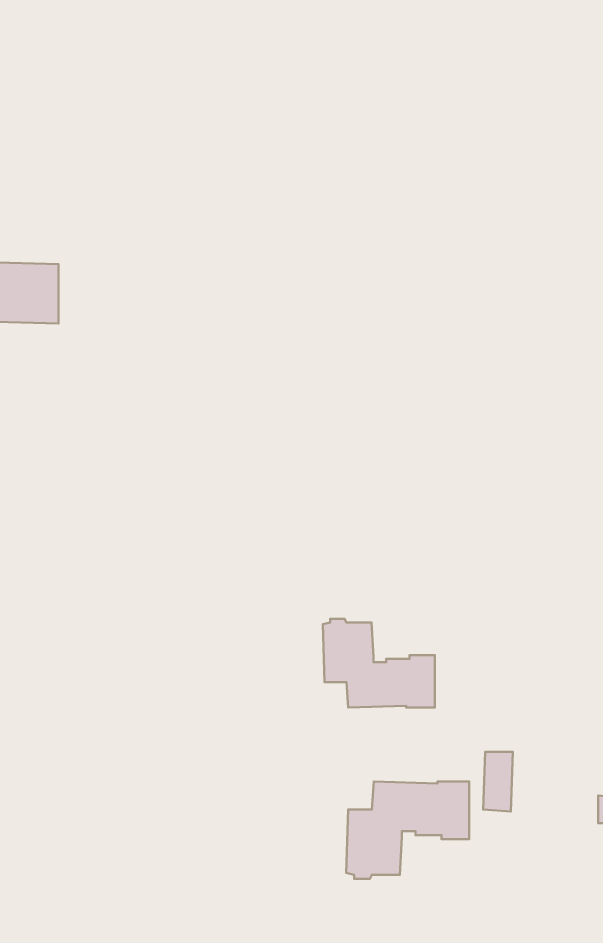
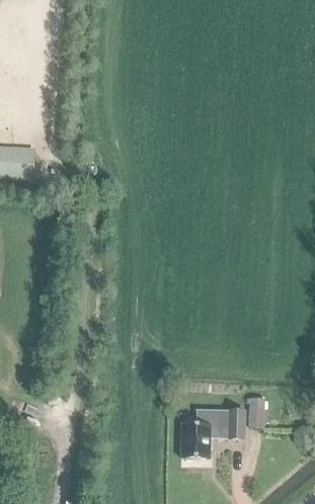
building: [323,619,435,708] -> none

